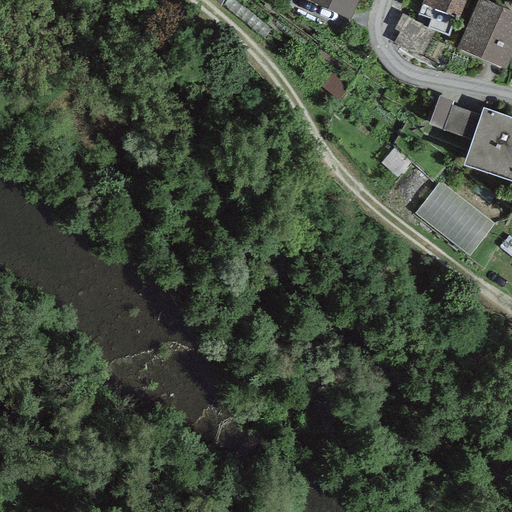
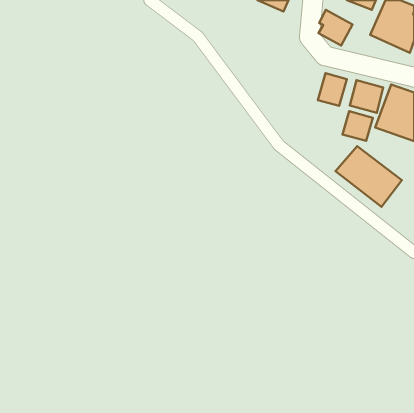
building: none -> [318,73,347,106]
building: none -> [343,111,373,141]

